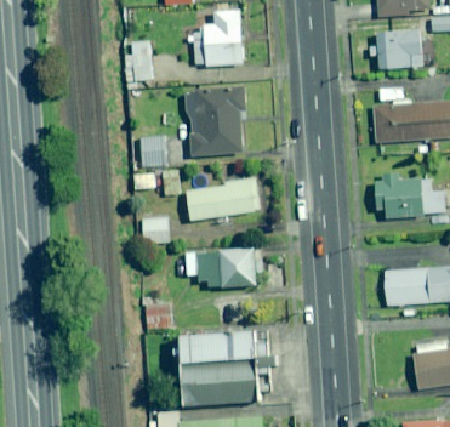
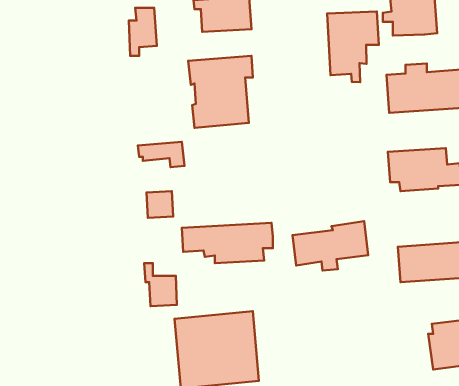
building: none -> [327,12,379,82]
building: [141,136,165,165] -> none
building: [187,177,260,224] -> [292,221,368,270]

